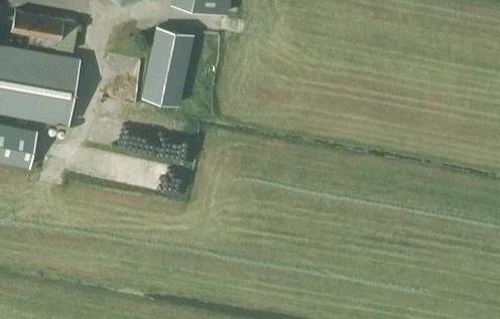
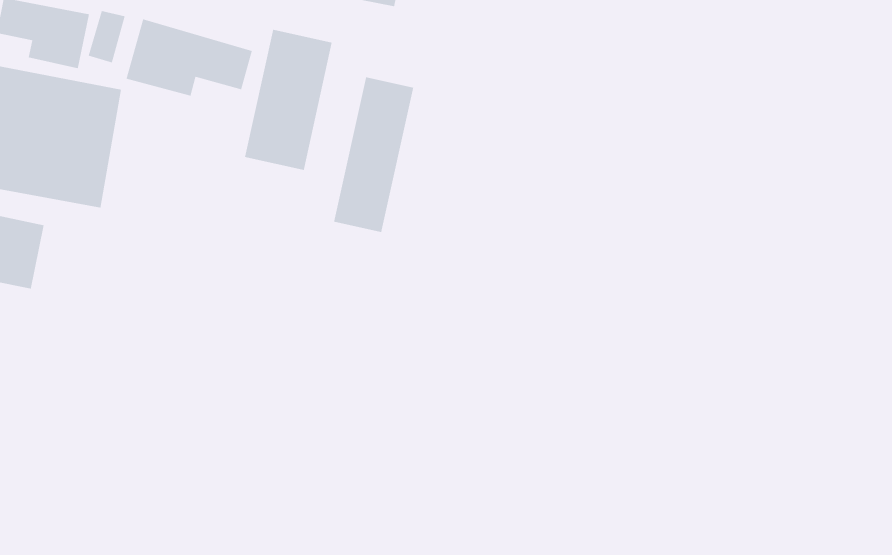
building: none -> [126,19,253,97]
building: none -> [334,76,414,233]

